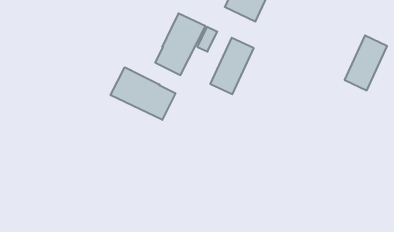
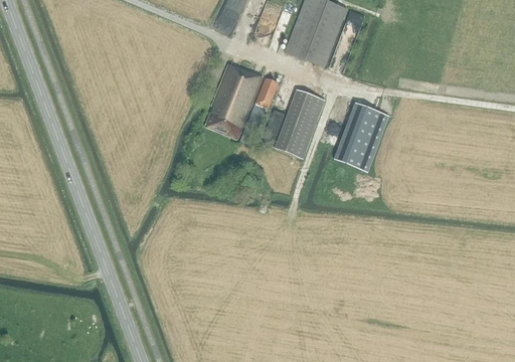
building: [345,35,387,90] -> [333,102,382,169]
building: [111,67,175,120] -> none

